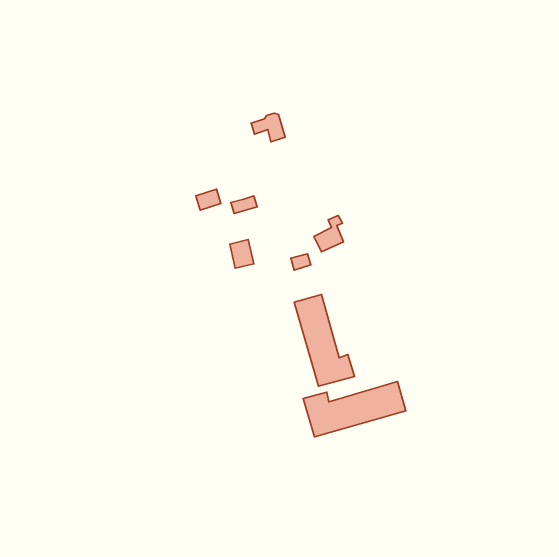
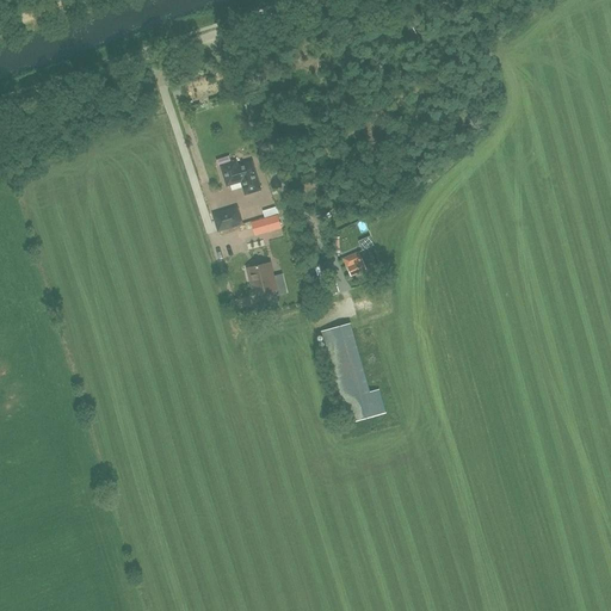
building: [251,113,285,142] -> [223,161,260,192]
building: [303,382,406,437] -> none

